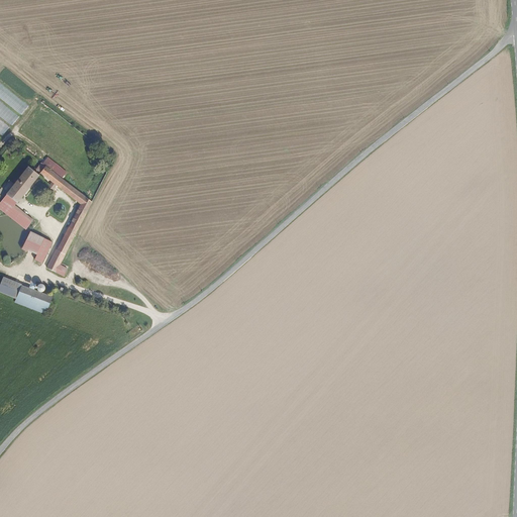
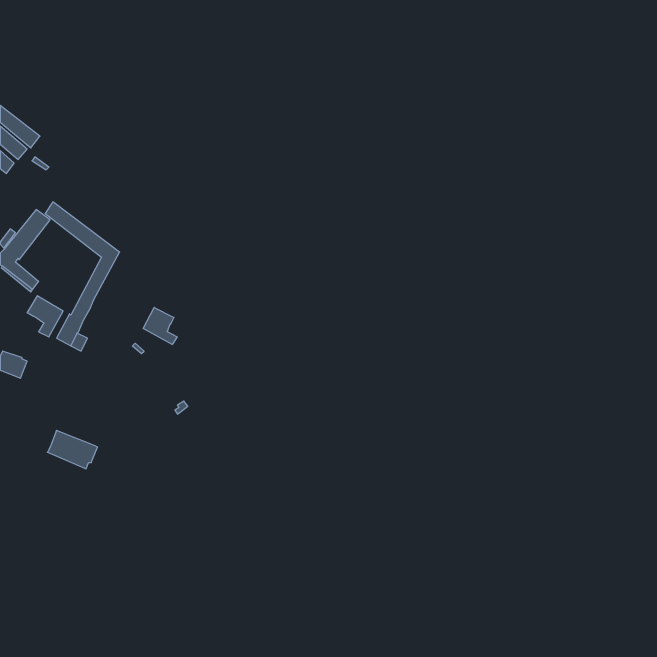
building: none -> [143,307,177,344]
building: [14,284,54,314] -> [47,430,98,469]

